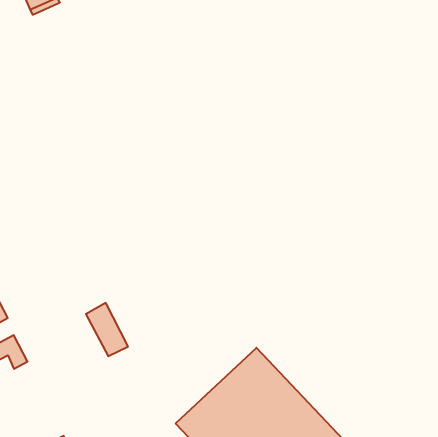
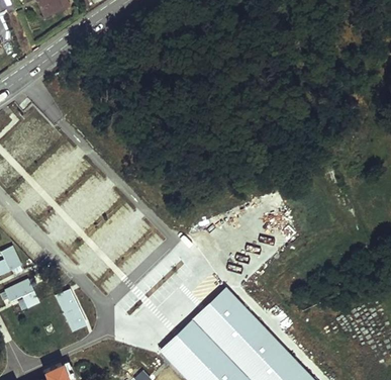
building: [86,303,128,356] -> [55,287,89,330]

